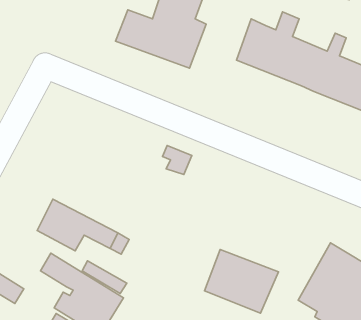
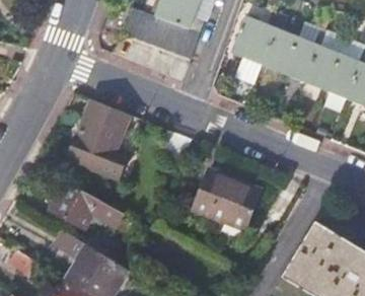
building: none -> [68,101,128,179]
building: [205,249,279,313] -> [193,170,260,228]

